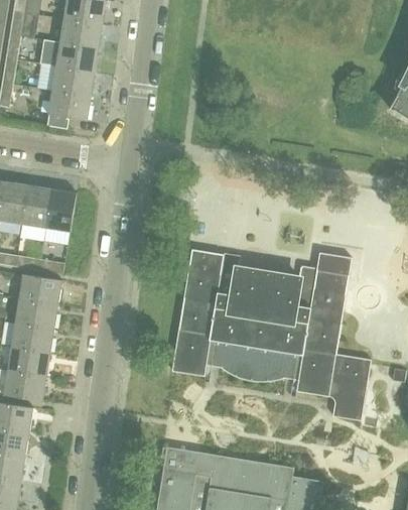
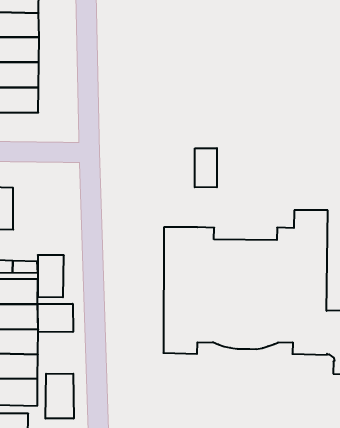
building: none -> [195,148,217,187]
building: [45,189,77,234] -> [38,255,64,297]
building: none -> [38,304,73,332]
building: none -> [45,374,74,419]

